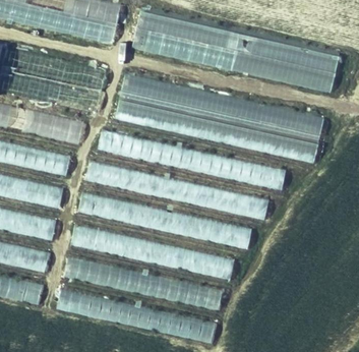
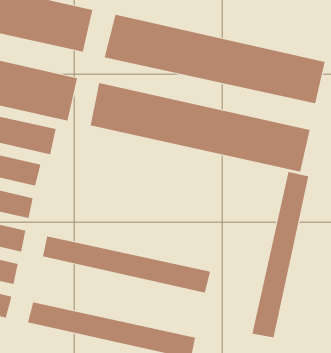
building: [98,130,285,191] -> none
building: [85,160,268,220] -> none
building: none -> [252,171,309,338]
building: [78,191,251,249] -> none
building: [64,253,223,307] -> none

